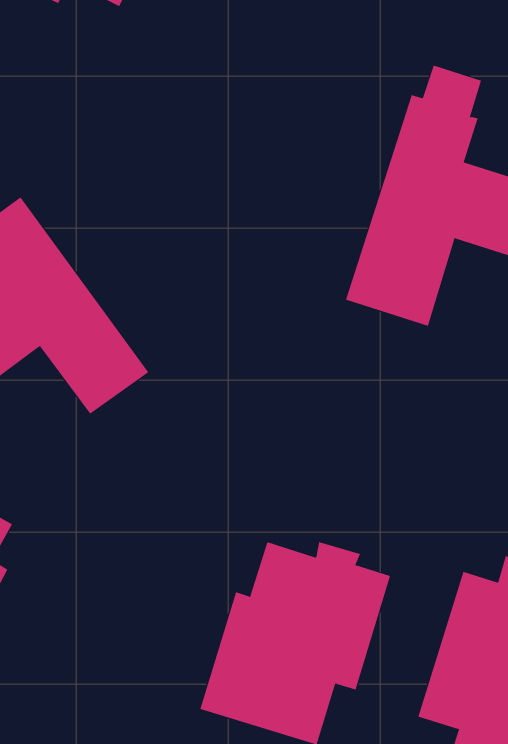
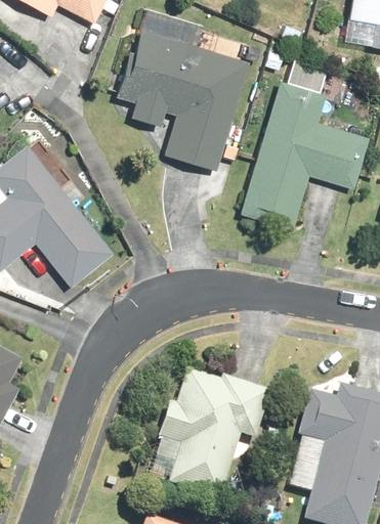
building: none -> [115,30,248,170]

